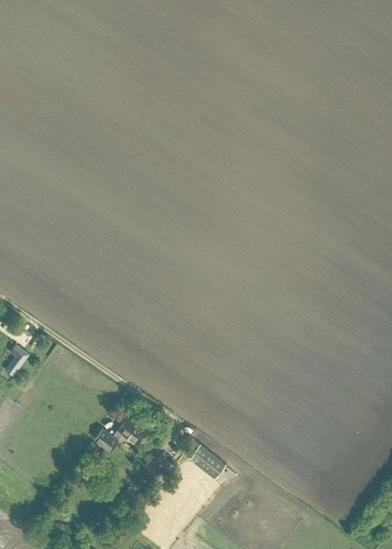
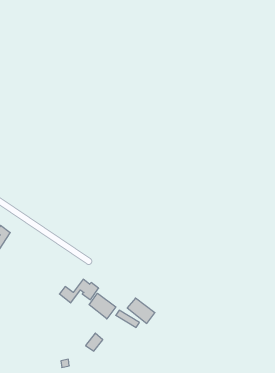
building: none -> [89,293,116,319]

